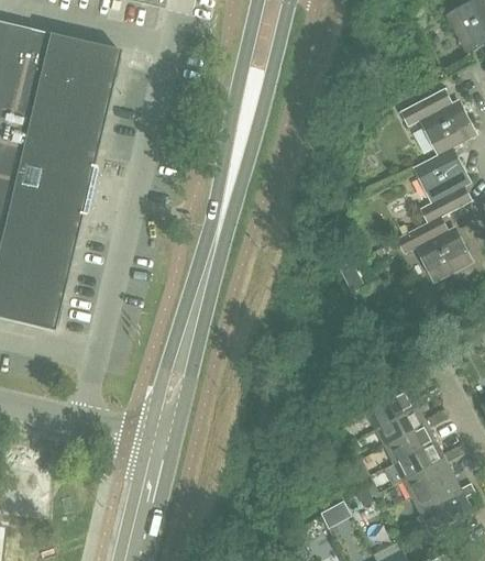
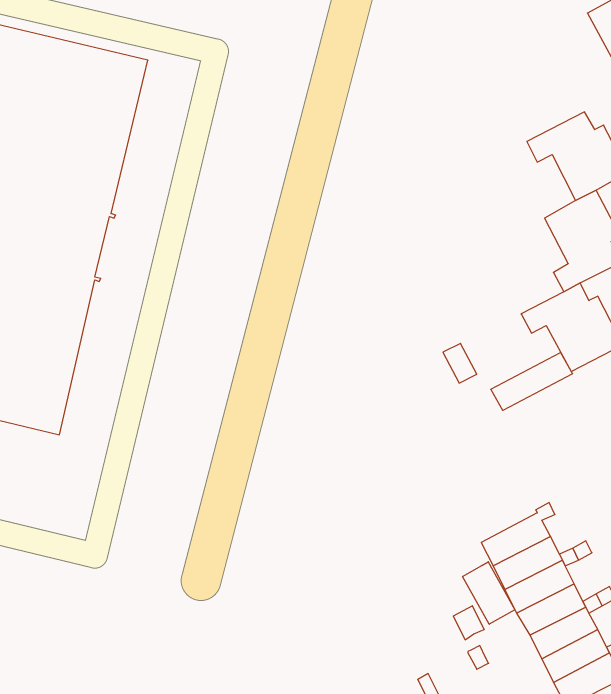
building: none -> [491,353,573,410]
building: none -> [463,562,515,624]

